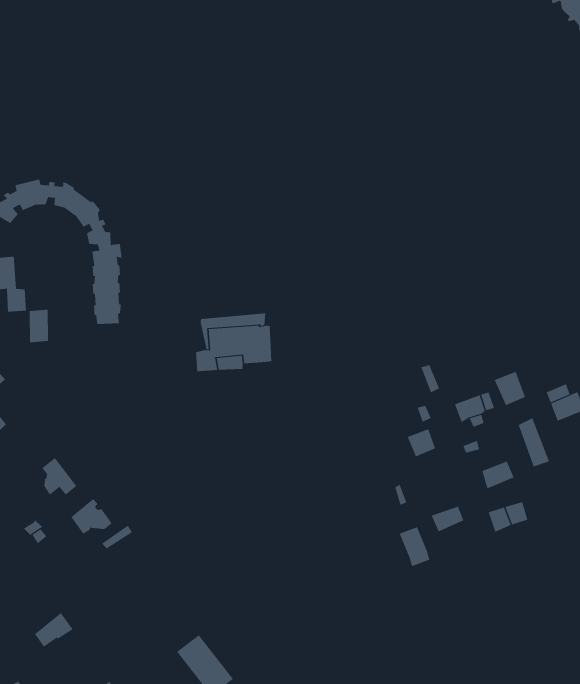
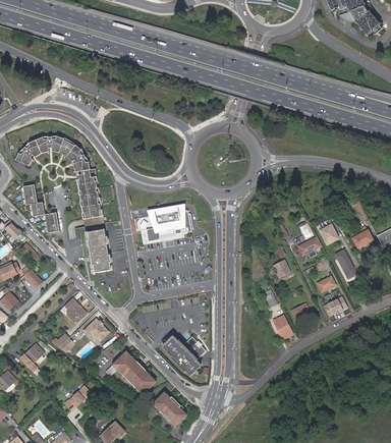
building: none -> [89,230,110,271]
building: none -> [162,336,205,375]
building: none -> [111,350,156,394]

